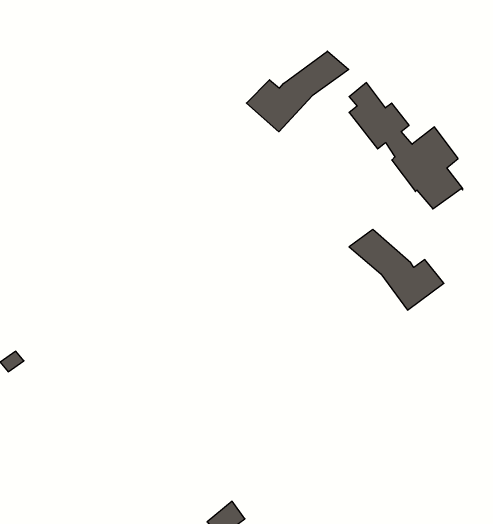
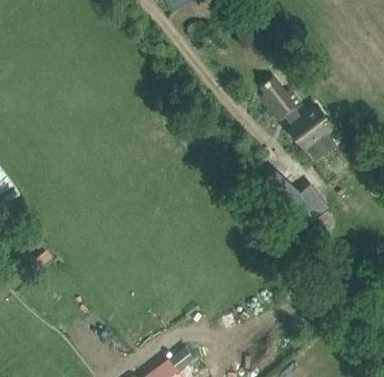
building: [246,51,349,132] -> none

